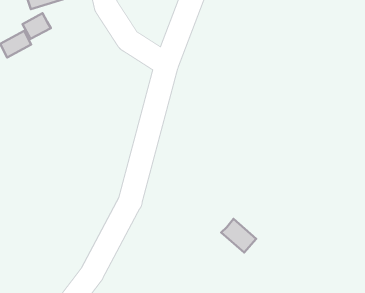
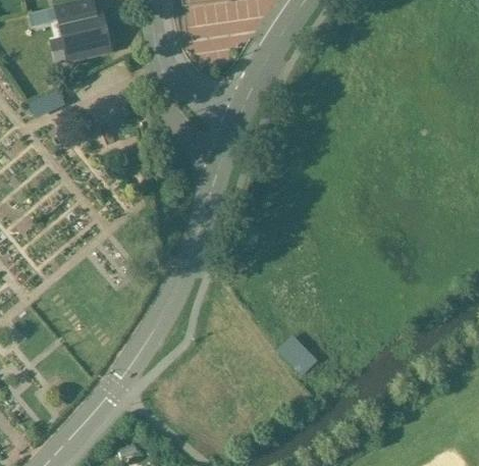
building: [22,13,51,39] -> none

